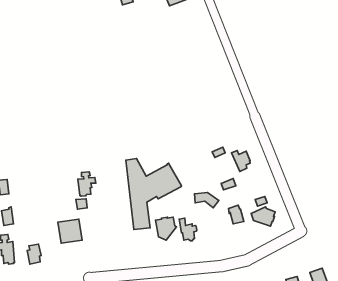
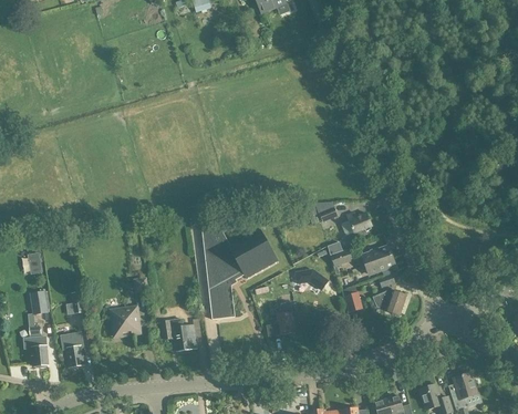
building: [78,172,96,196] -> none
building: none -> [362,246,394,273]
building: [156,217,177,240] -> none
building: none -> [159,319,196,351]

